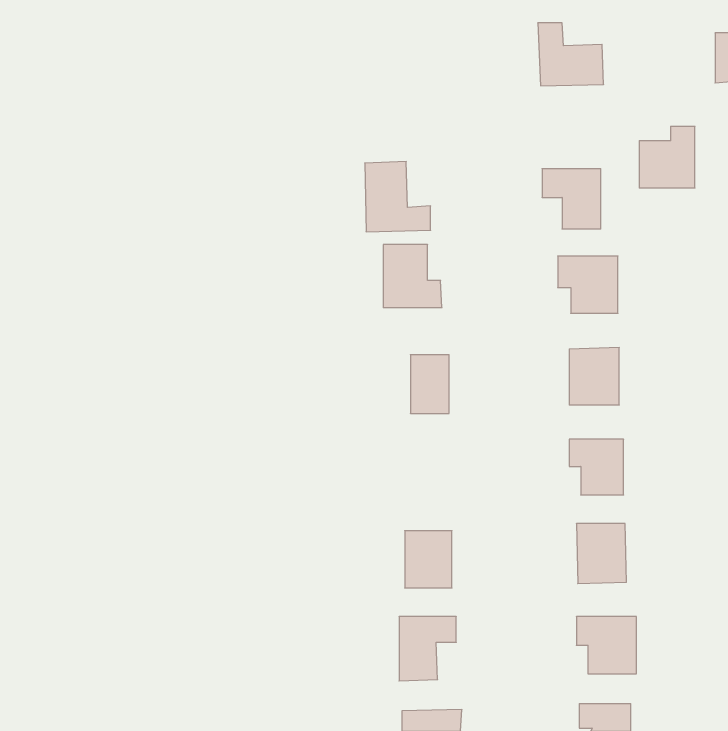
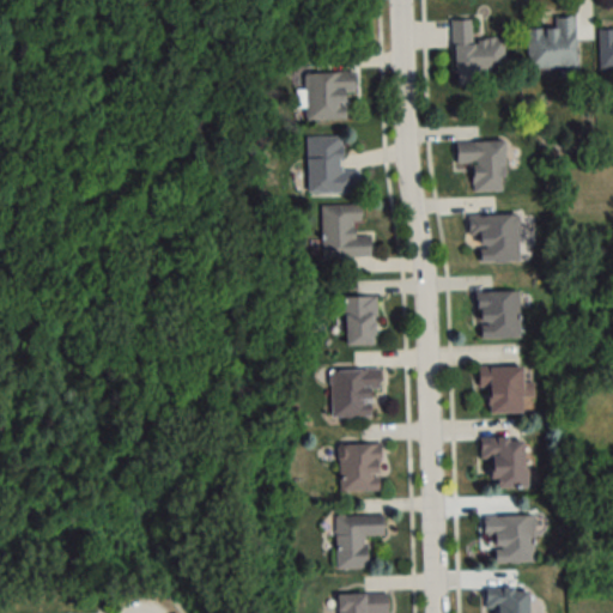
building: none -> [306,72,354,120]
building: [639,126,695,188] -> [530,16,577,67]
building: none -> [332,370,381,418]

